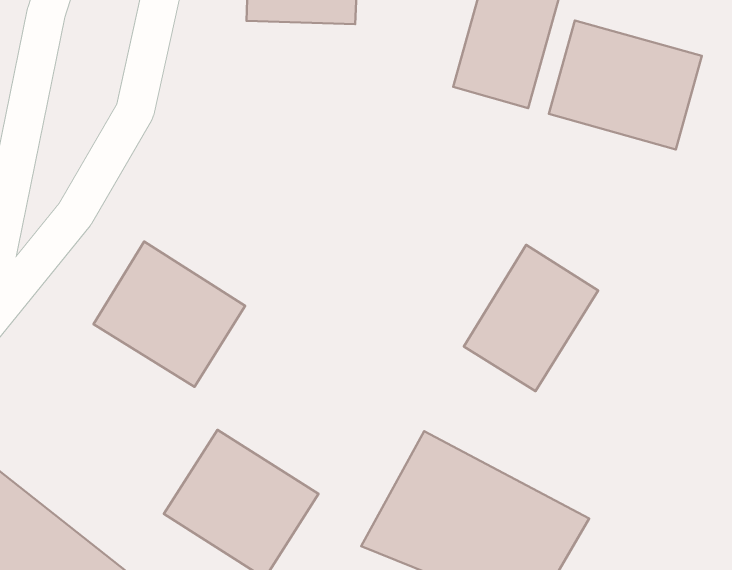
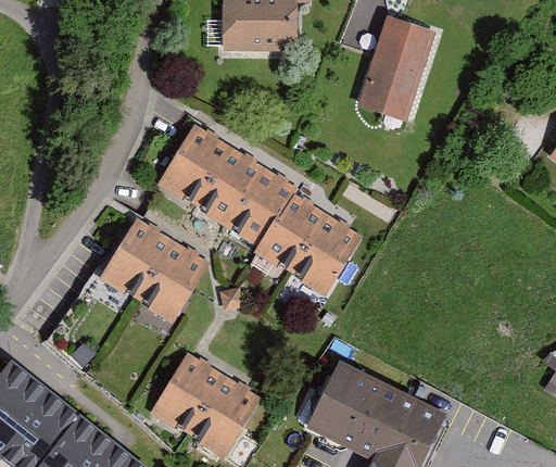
building: [549,21,702,149] -> none
building: none -> [157,123,364,296]
building: [464,245,598,391] -> none

